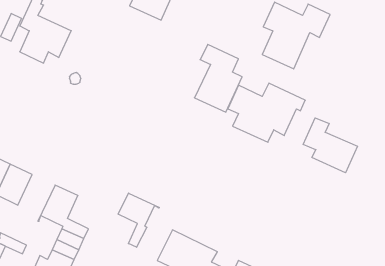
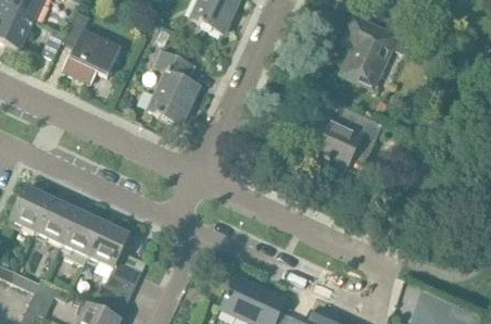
building: [194,44,242,112] -> [146,49,200,126]
building: [303,118,357,173] -> none
building: none -> [61,211,103,264]
building: [118,193,159,247] -> none

